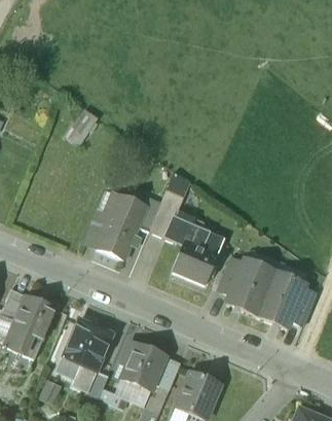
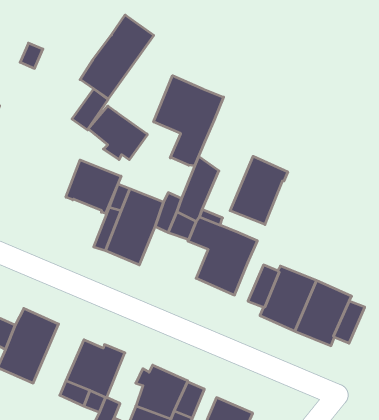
building: none -> [80,15,154,99]
building: none -> [154,76,224,166]
building: none -> [88,106,147,160]
building: none -> [230,156,288,225]
building: none -> [66,160,121,214]

